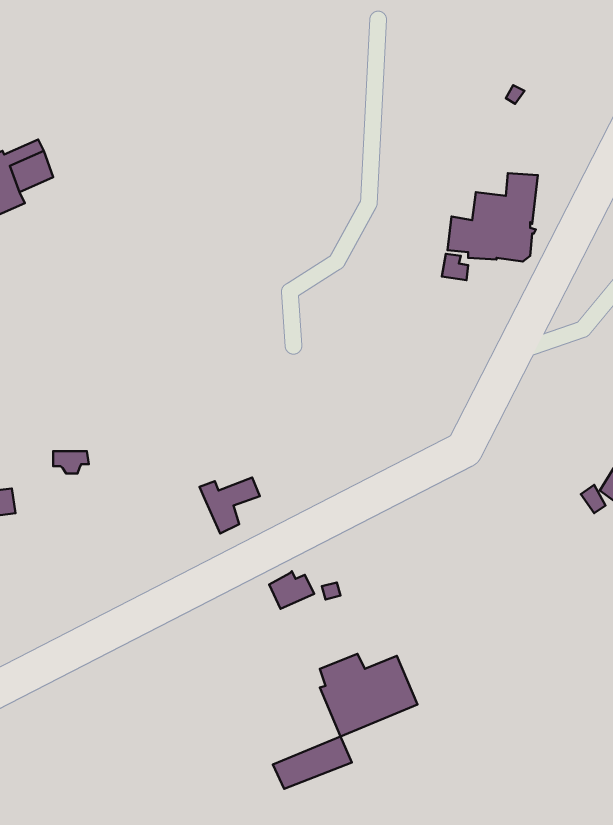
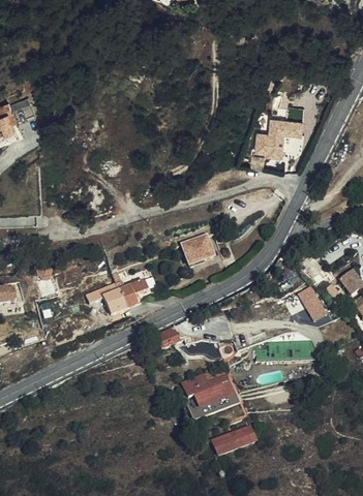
building: none -> [183,234,214,262]
building: none -> [103,284,128,315]
building: none -> [298,284,329,322]
building: [273,736,352,789] -> [212,426,255,455]

